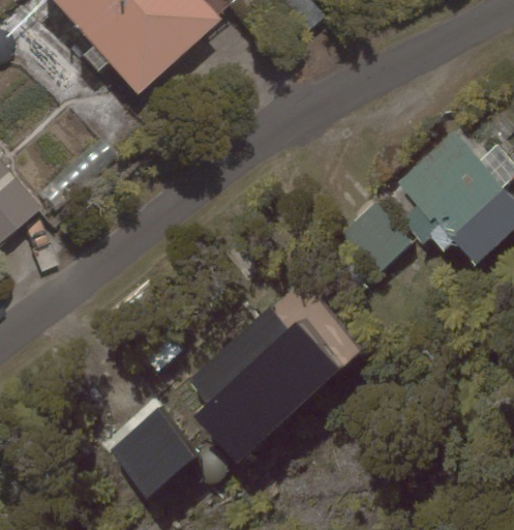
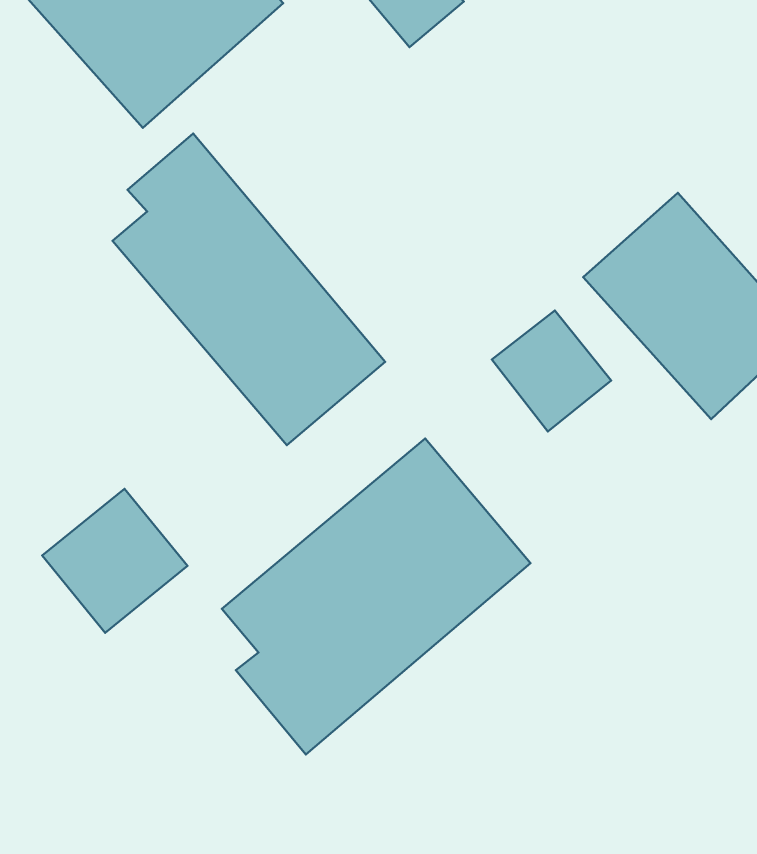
building: none -> [113,133,385,445]
building: [108,410,193,495] -> [42,489,188,633]

